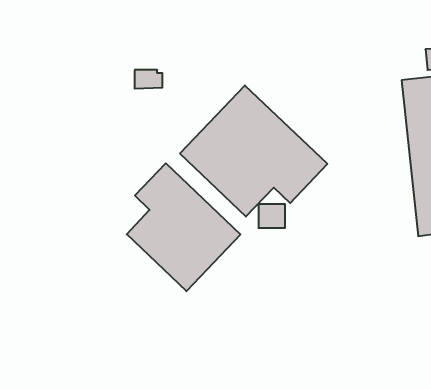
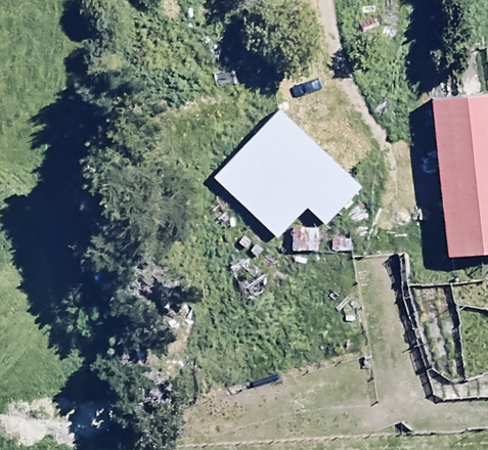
building: [127,163,240,291] -> none

